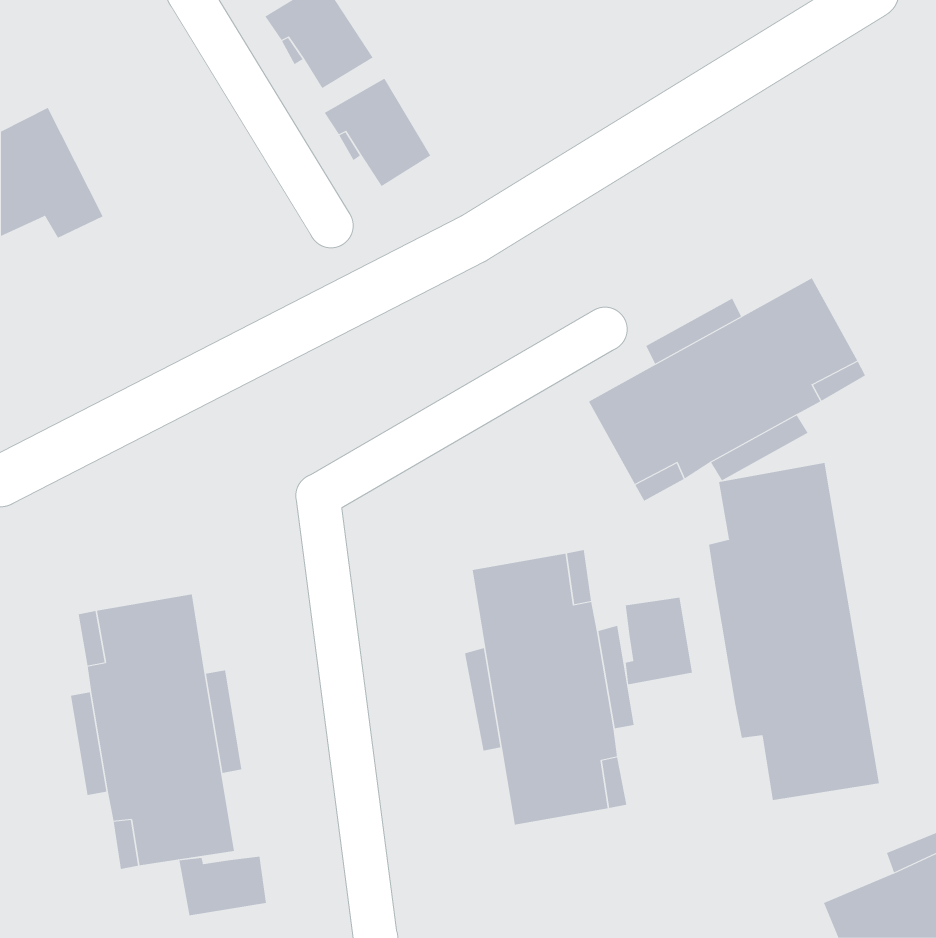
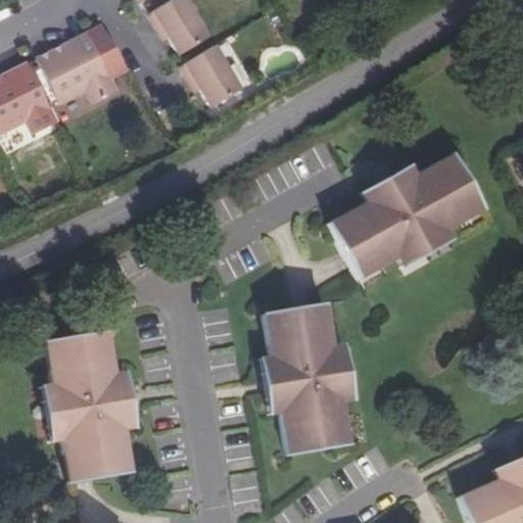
building: none -> [40,30,122,102]
building: [709,462,879,801] -> none
building: [625,597,693,685] -> none
building: [179,856,267,916] -> none

